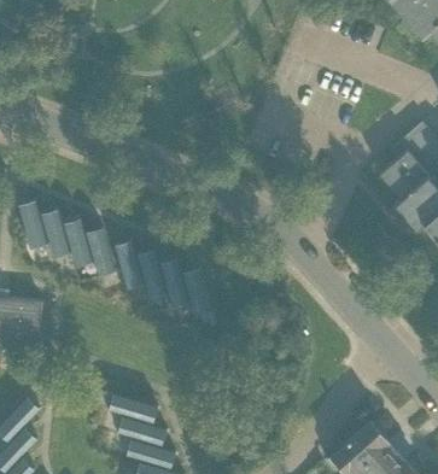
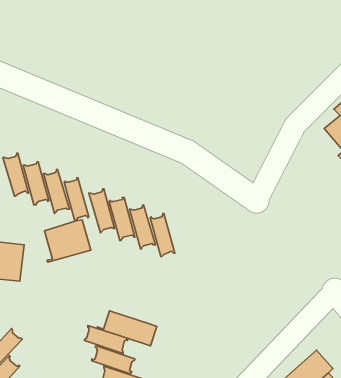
building: none -> [44,220,91,262]
building: none -> [97,311,157,346]

